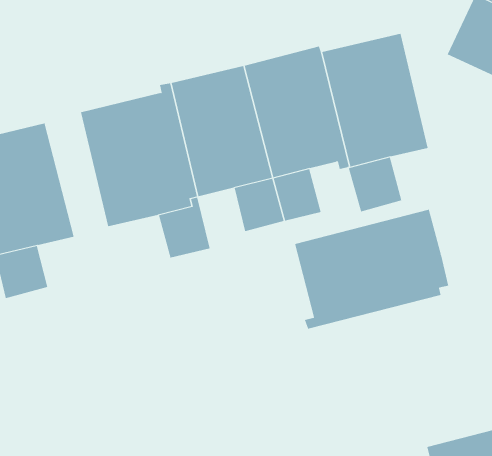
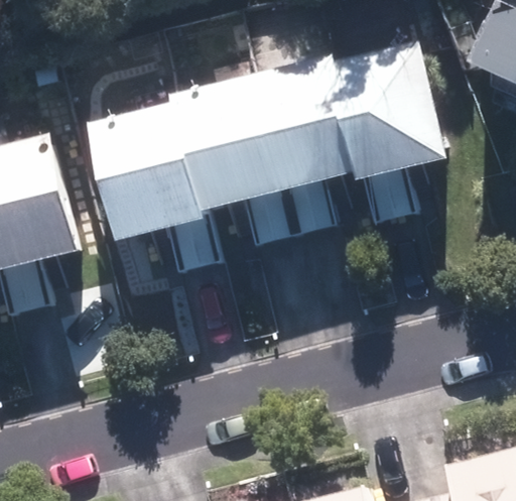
building: [295,209,449,330] -> none

